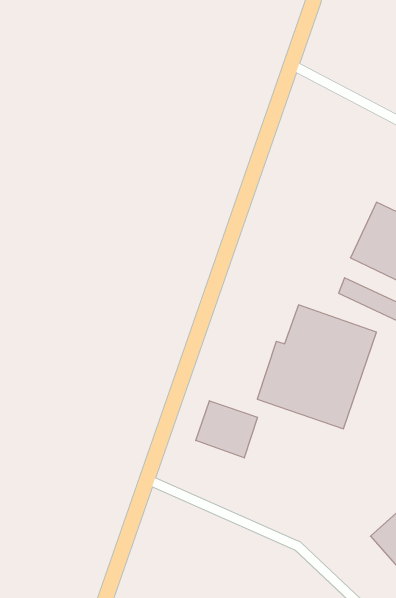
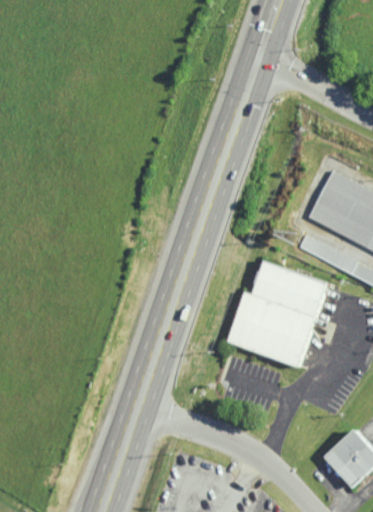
building: [196,401,257,458] -> none

